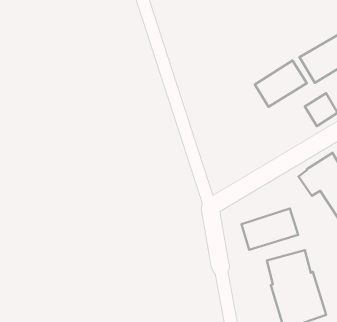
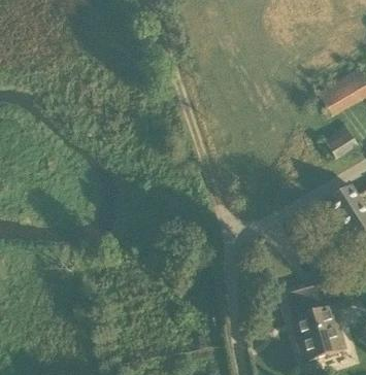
building: [255,60,307,107] -> none
building: [242,208,298,250] -> none

